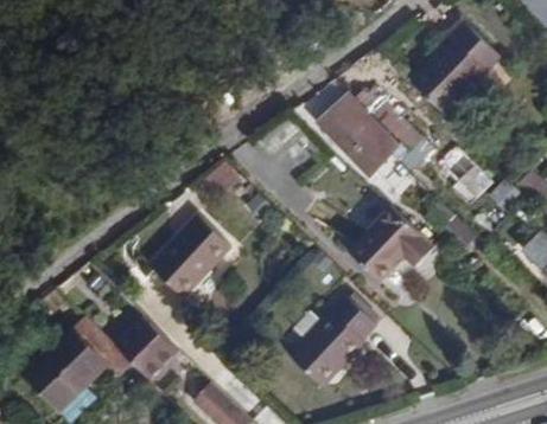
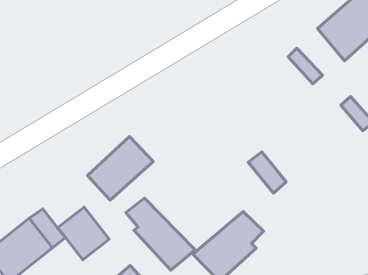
building: [309,81,396,168] -> none
building: [358,205,430,269] -> none
building: none -> [126,198,195,270]

